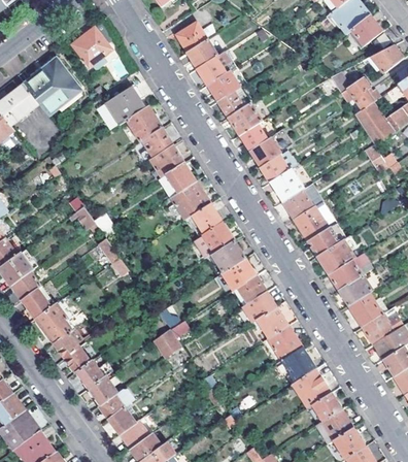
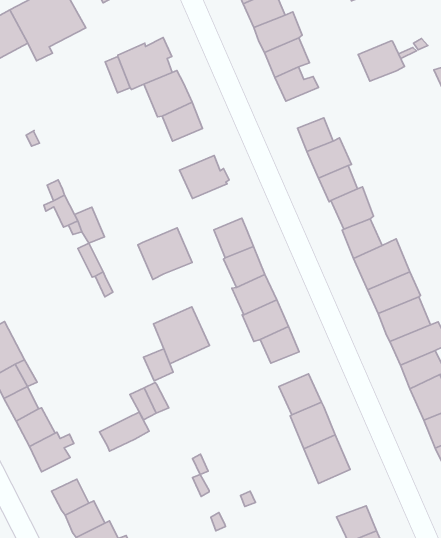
building: [228,102,262,133] -> [358,41,404,81]
building: [149,144,183,176] -> none
building: [170,180,210,220] -> [138,228,192,279]
building: none -> [153,307,209,364]
building: [242,291,275,321] -> none
building: [292,368,331,407] -> none
building: [98,387,133,418] -> [100,412,149,451]

